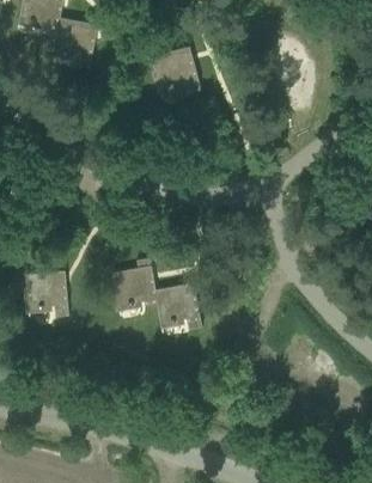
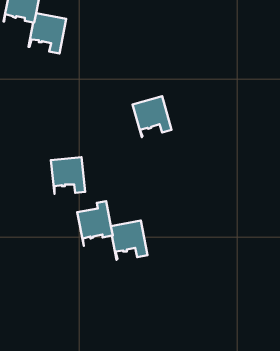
building: [148,48,199,100] -> [132,96,172,137]
building: [23,273,67,319] -> [51,157,85,194]

